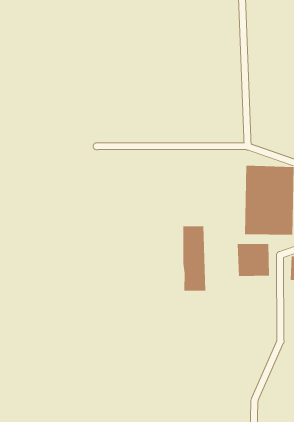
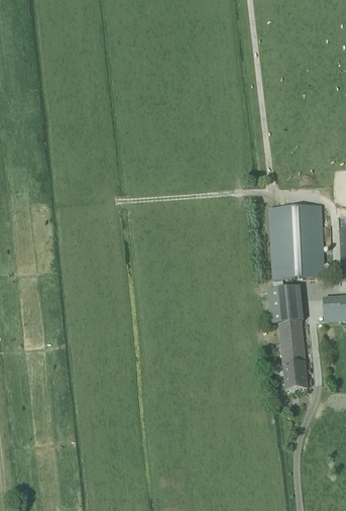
building: [182,226,206,291] -> [278,319,308,388]

